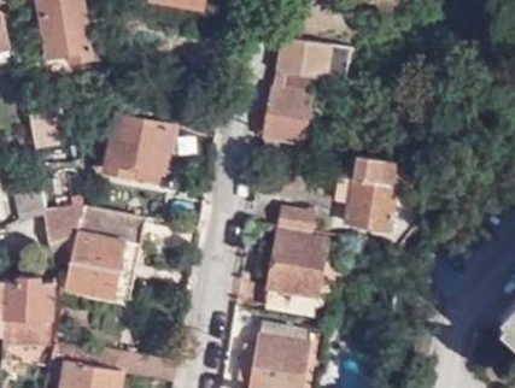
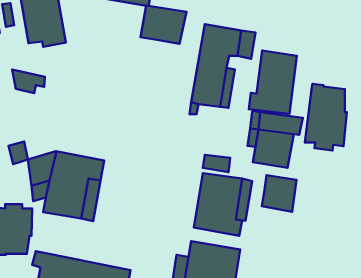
building: none -> [141,6,186,44]
building: none -> [249,50,297,114]
building: none -> [305,84,347,151]
building: [106,122,179,182] -> none
building: none -> [262,175,296,212]

